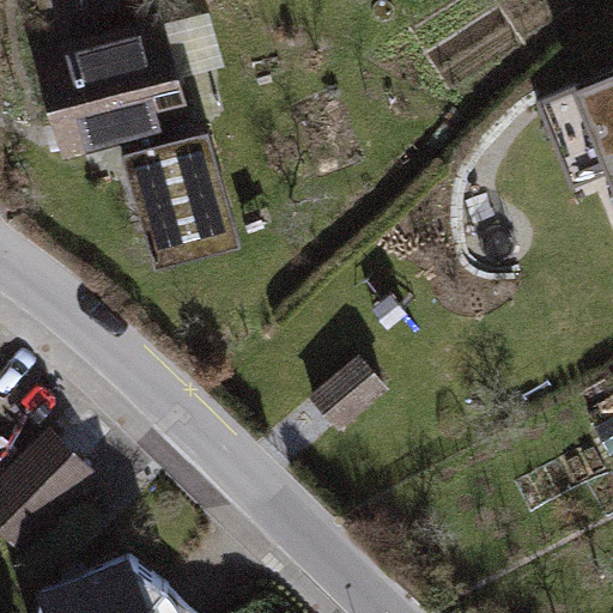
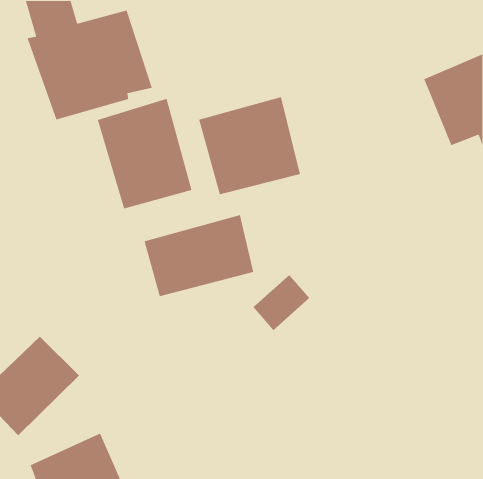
building: none -> [198,96,301,195]
building: none -> [143,214,254,297]

